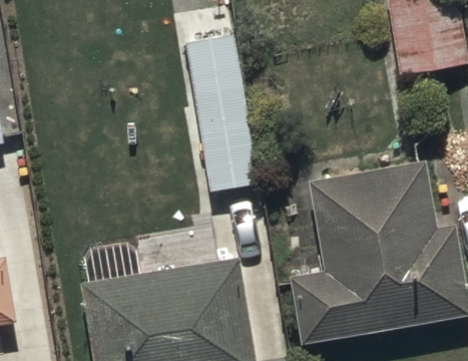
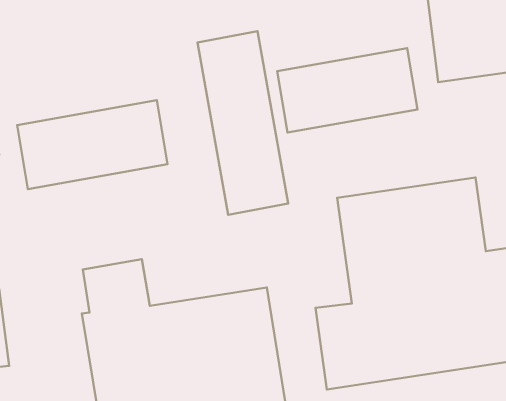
building: none -> [277,48,418,133]
building: none -> [17,100,168,189]

